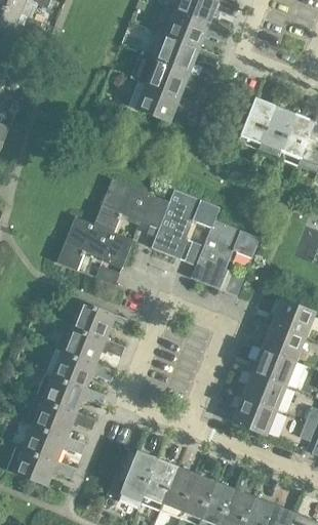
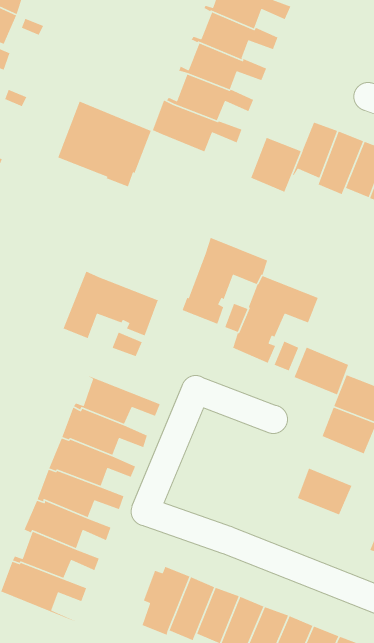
building: none -> [250,137,302,193]
building: [94,178,169,247] -> [57,101,152,187]
building: [251,347,295,386] -> [293,346,349,396]
building: [232,396,276,435] -> none

